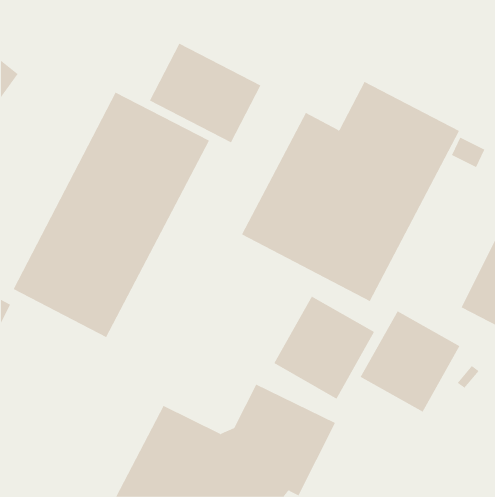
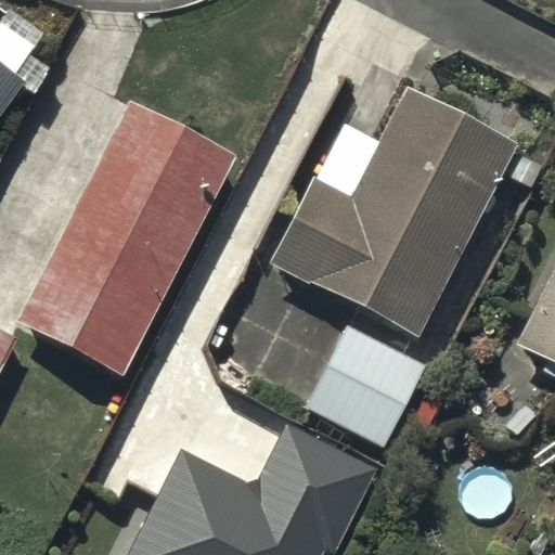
building: [149,43,261,143] -> none
building: [360,310,460,413] -> none

